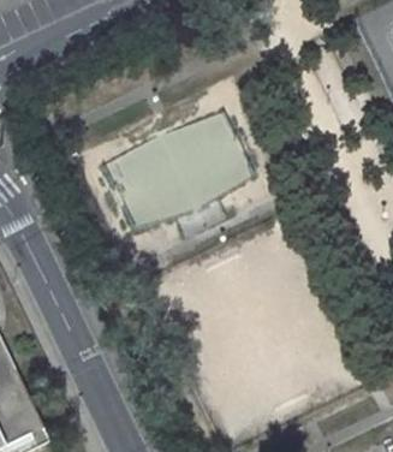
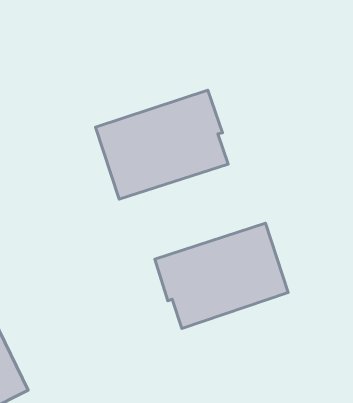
building: none -> [155,223,288,329]

